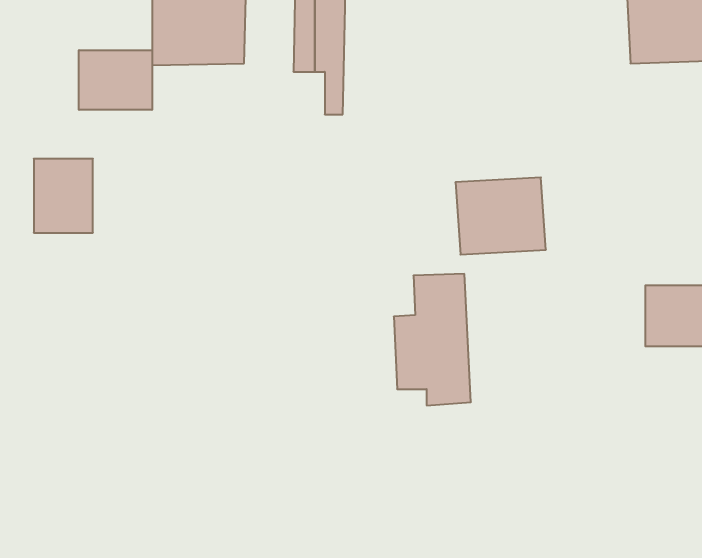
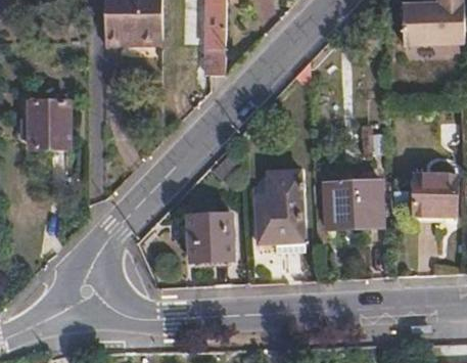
building: [79,50,152,110] -> none
building: [455,177,546,255] -> [326,180,382,228]
building: none -> [187,216,230,262]

